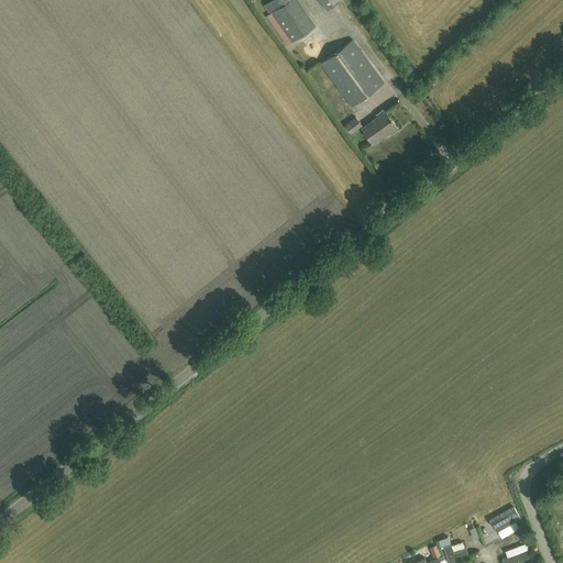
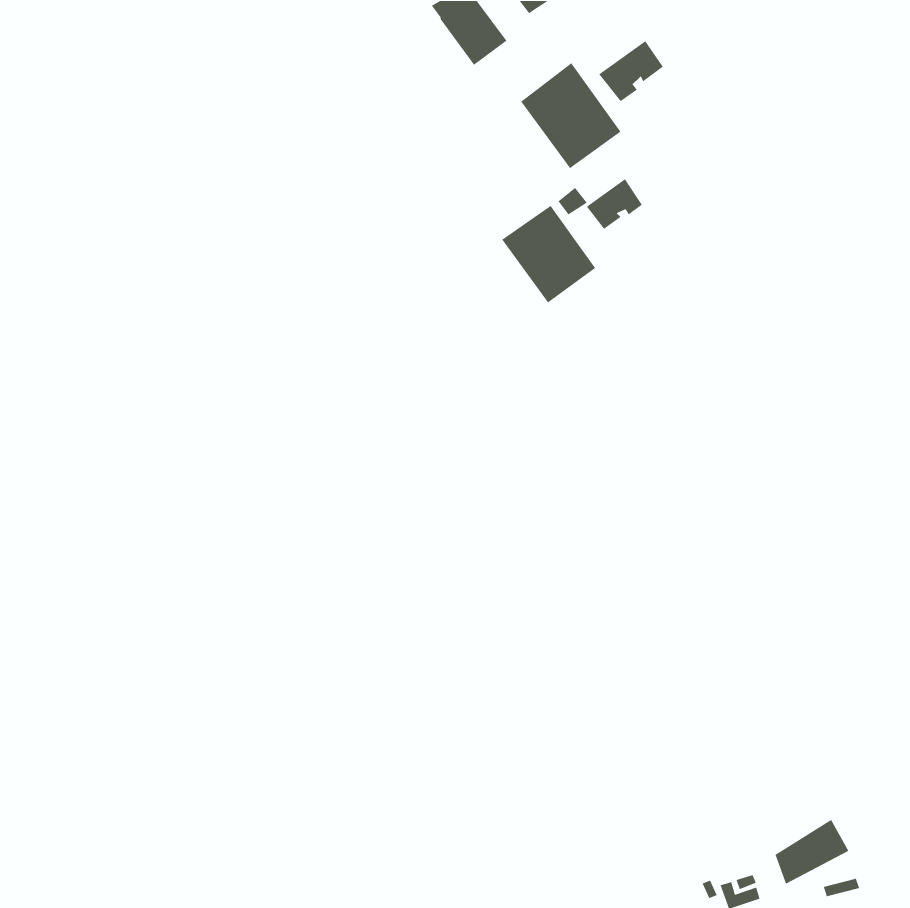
building: none -> [598,40,664,102]
building: none -> [501,205,596,303]

